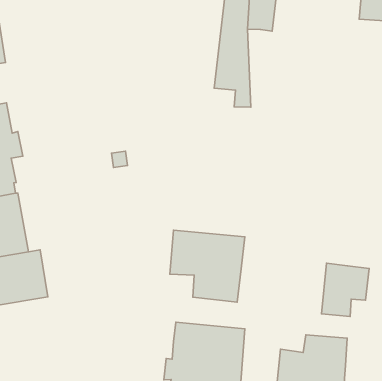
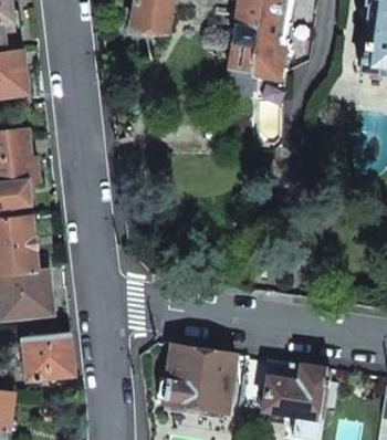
building: [170,230,245,302] -> none
building: [321,263,369,317] -> none
building: none -> [20,332,74,381]

